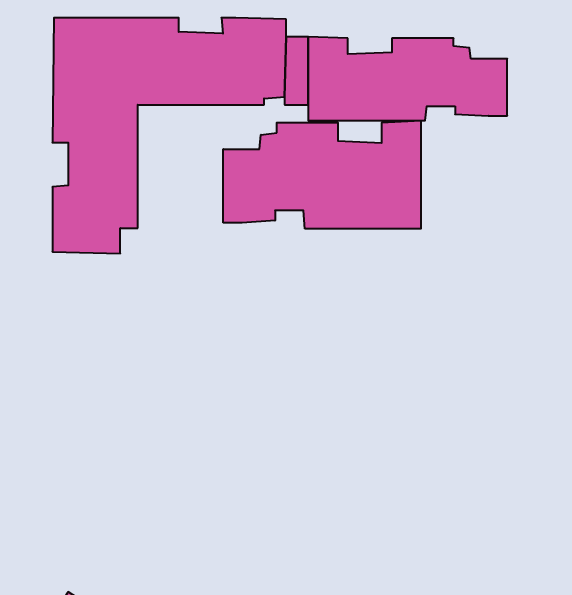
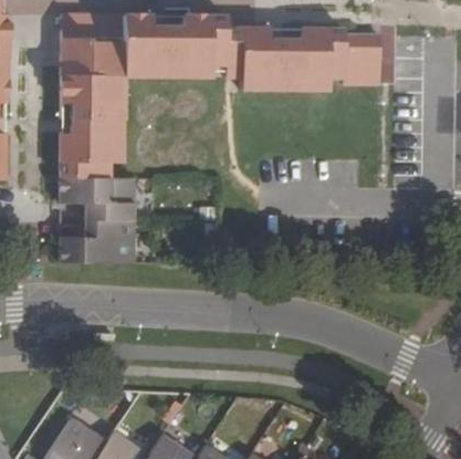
building: [223,121,421,229] -> none
building: none -> [60,179,135,260]

